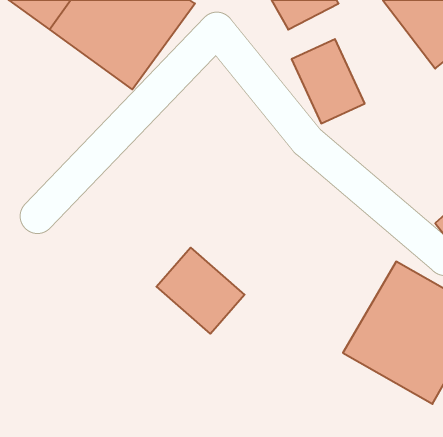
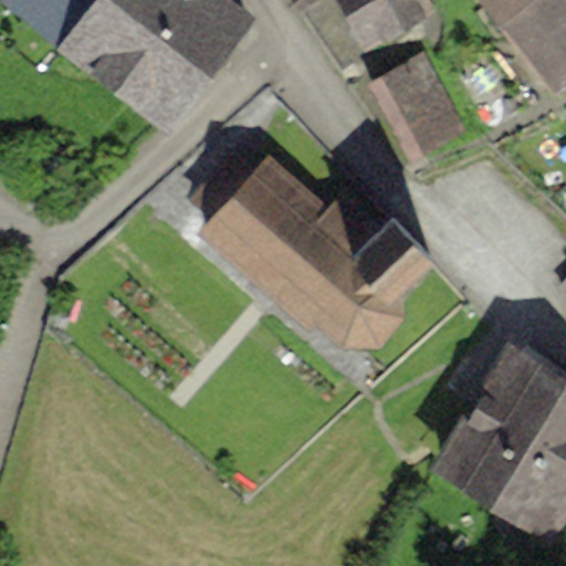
building: none -> [200,151,436,348]
building: [156,248,245,334] -> none

